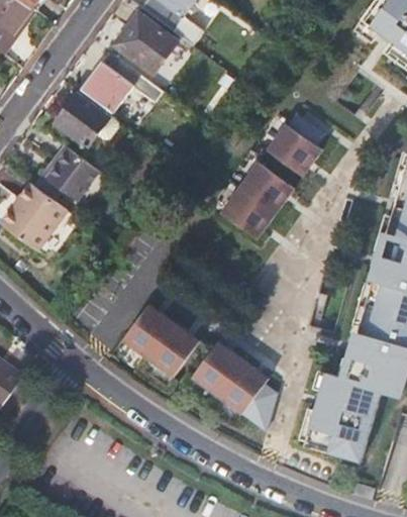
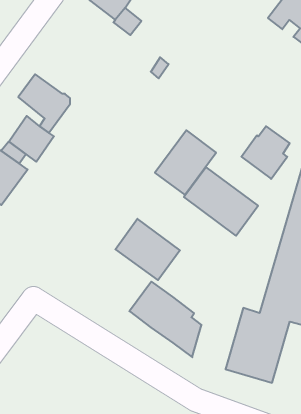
building: [118,12,176,72] -> none
building: [83,51,165,115] -> none
building: [267,113,324,176] -> [241,126,290,179]
building: none -> [184,167,258,236]
building: [121,304,198,377] -> [115,219,180,280]

